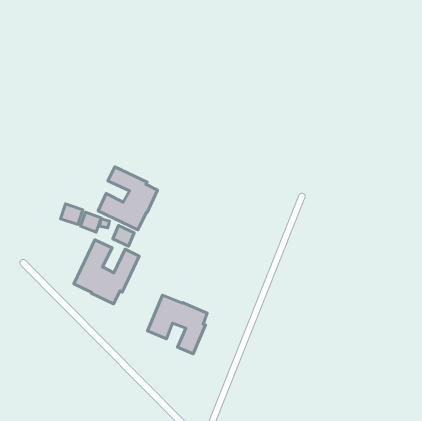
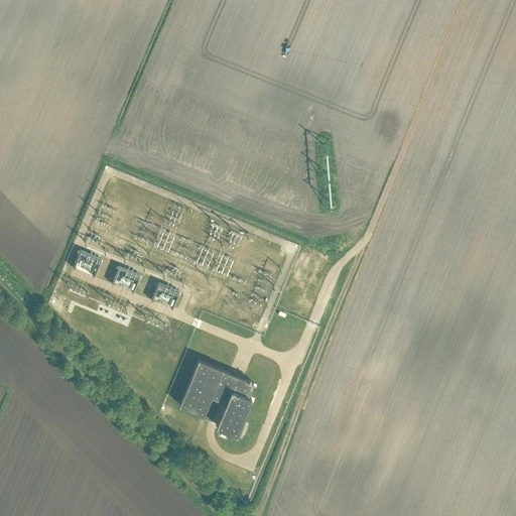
building: [98,167,158,230] -> none
building: [74,240,139,304] -> none

